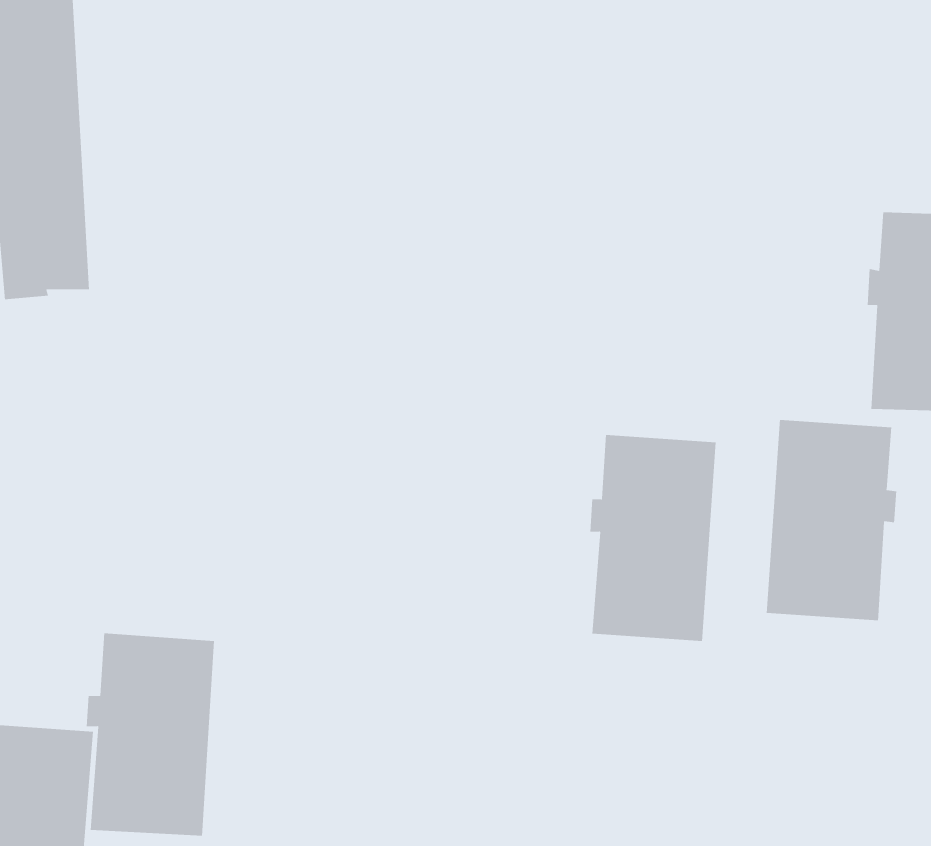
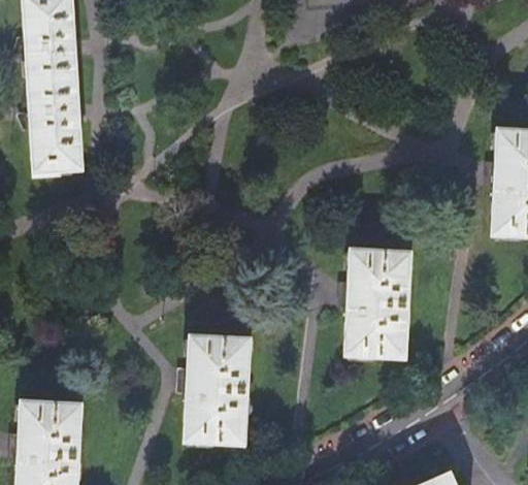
building: [766,419,897,621] -> none
building: [86,633,215,836] -> [183,337,251,445]

